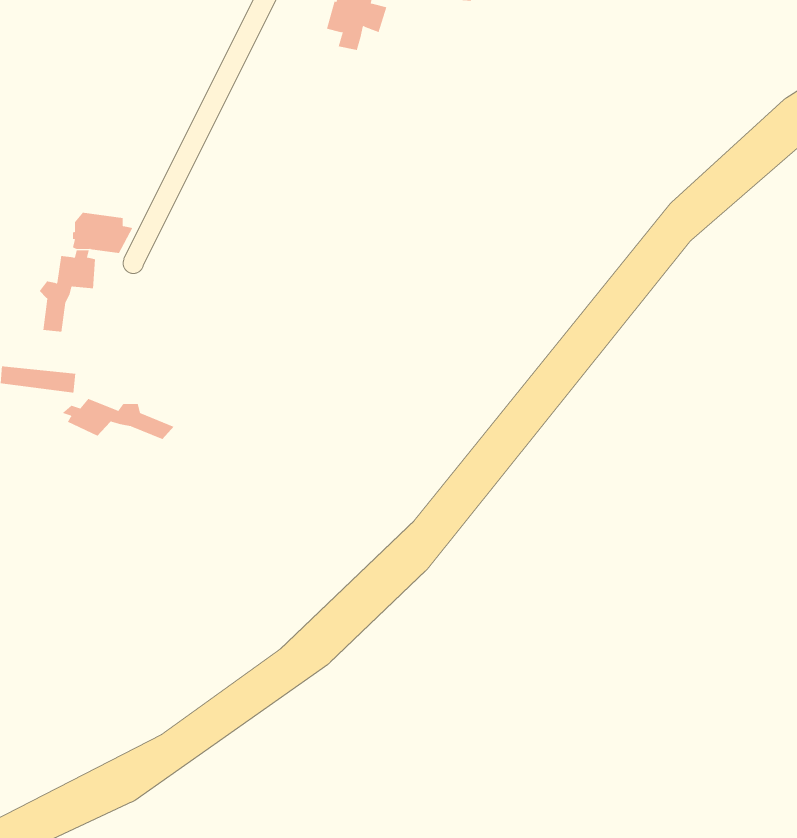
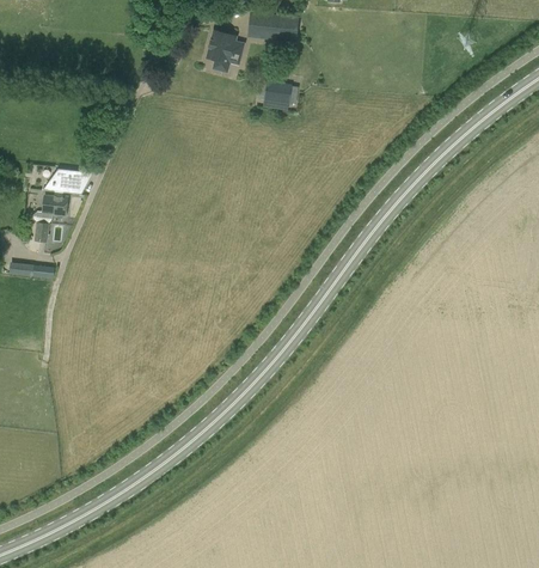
building: none -> [263,80,292,104]
building: [61,398,174,440] -> none

